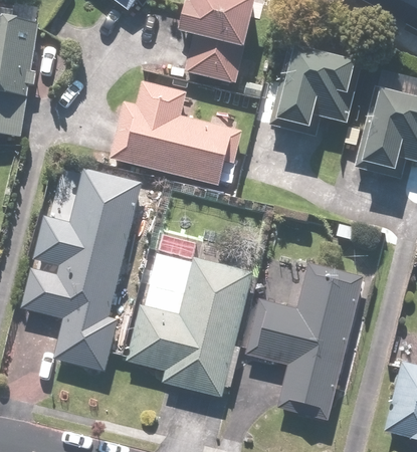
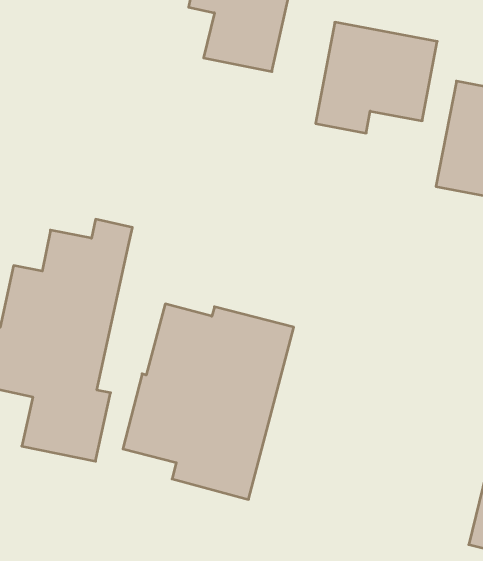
building: [111,80,234,184] -> none
building: [240,265,365,419] -> none

